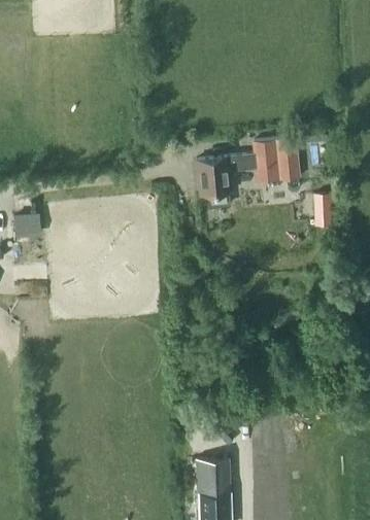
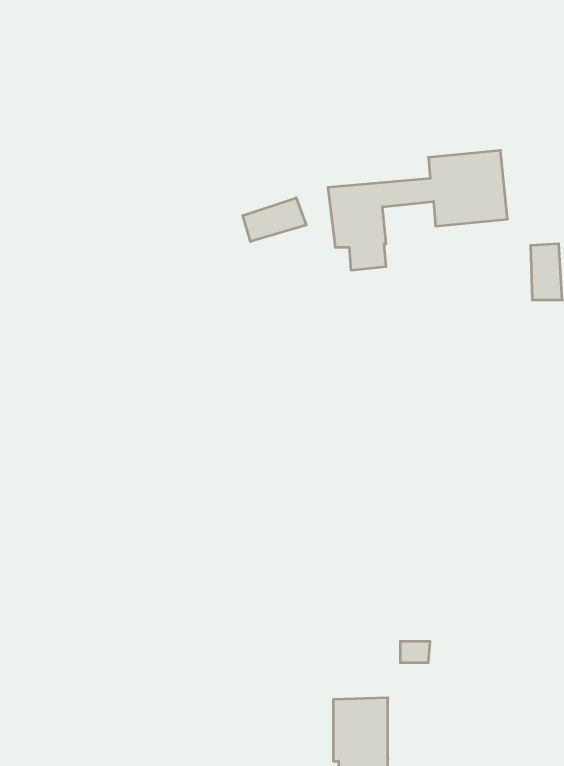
building: none -> [243,198,306,242]
building: [13,212,40,236] -> none

